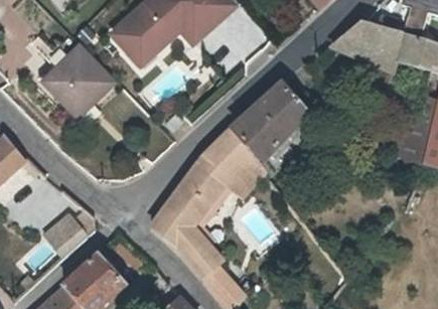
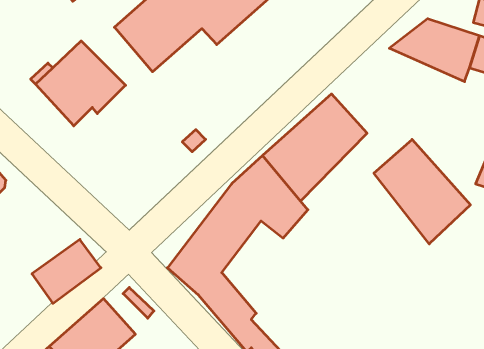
building: none -> [374,139,470,244]

